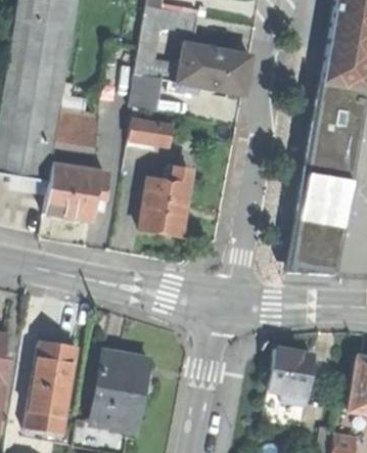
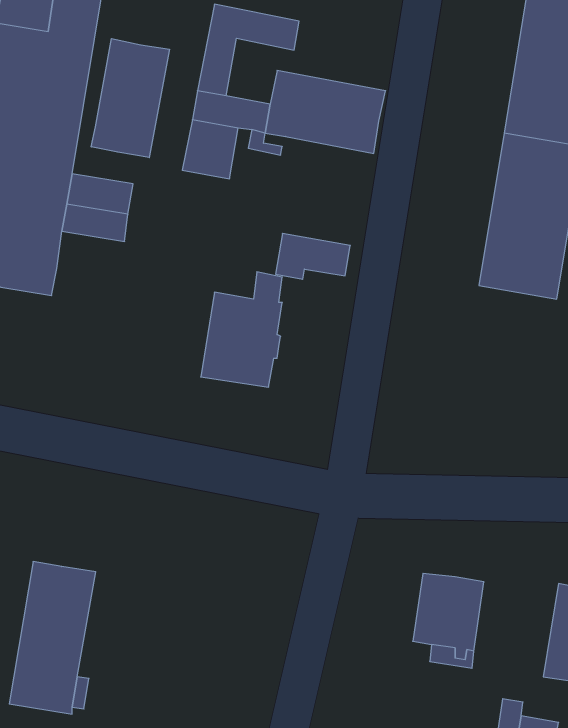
building: none -> [91,39,169,158]
building: [129,119,174,146] -> [276,233,350,279]
building: [45,164,108,219] -> none
building: [292,174,355,273] -> none
building: [91,352,148,431] -> none

